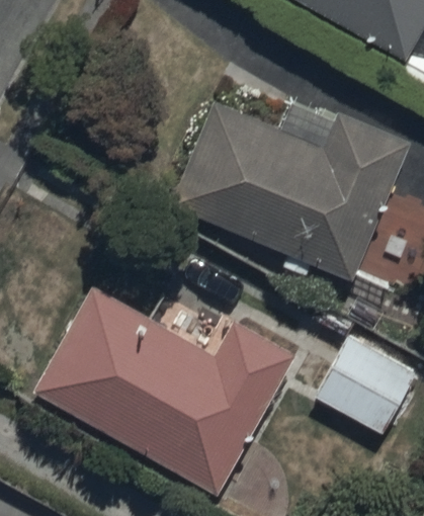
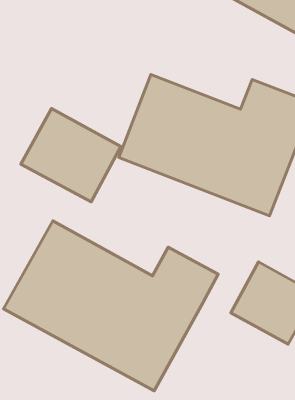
building: none -> [21,108,121,202]

